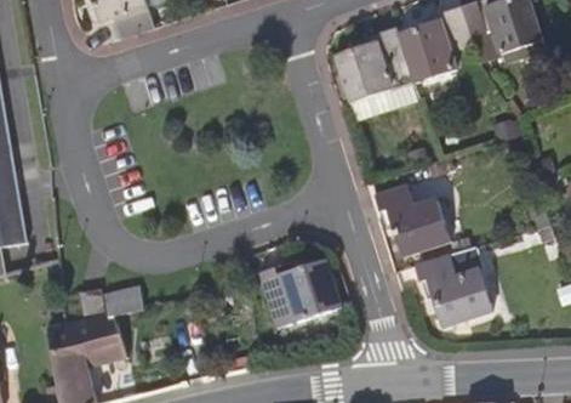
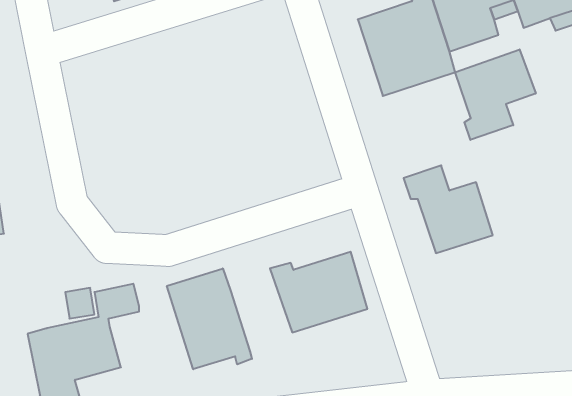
building: none -> [455,49,536,140]
building: [416,246,492,327] -> none
building: none -> [167,268,252,369]

